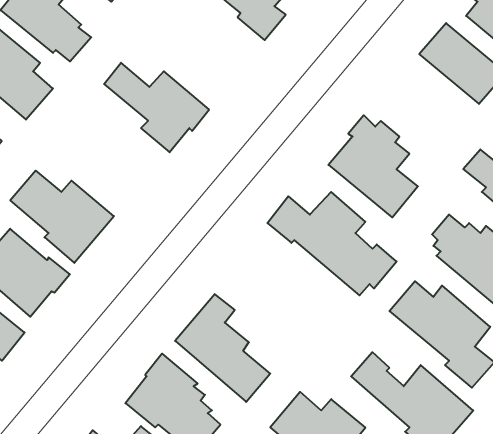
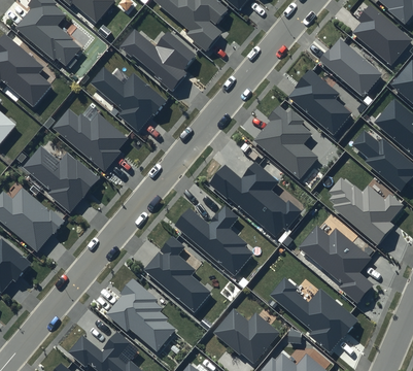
building: none -> [118,27,198,91]
building: none -> [287,70,353,136]
building: none -> [53,109,128,171]
building: none -> [173,205,253,277]

